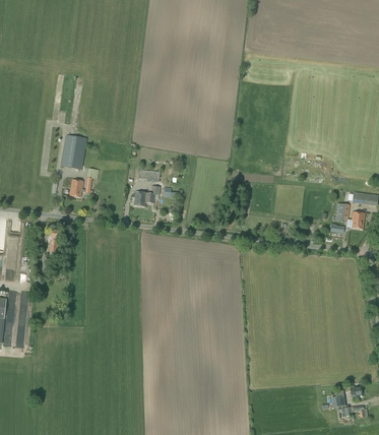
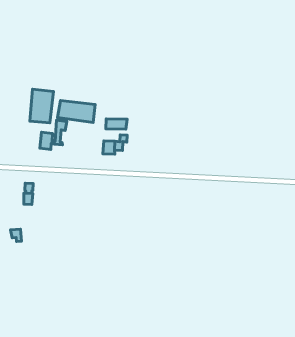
building: none -> [58,100,95,123]

